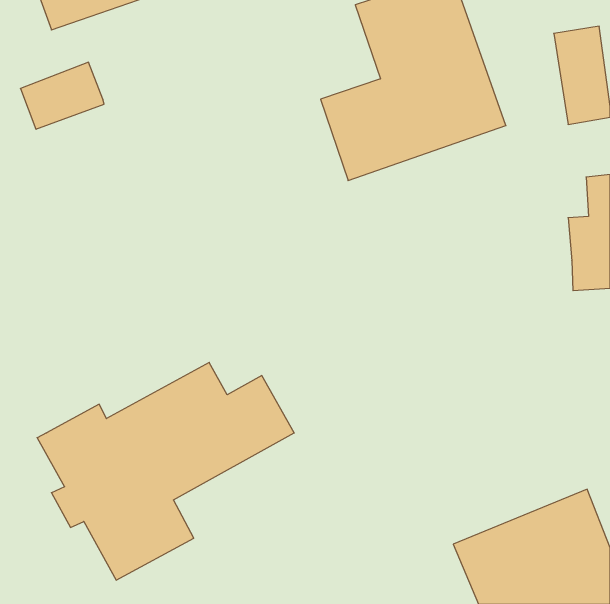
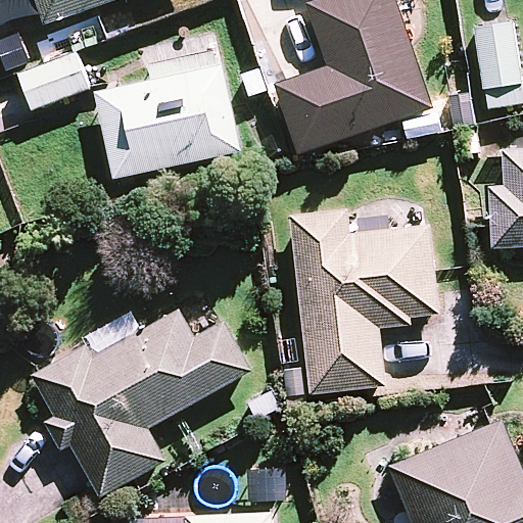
building: none -> [93,48,239,180]
building: none -> [288,208,439,394]

